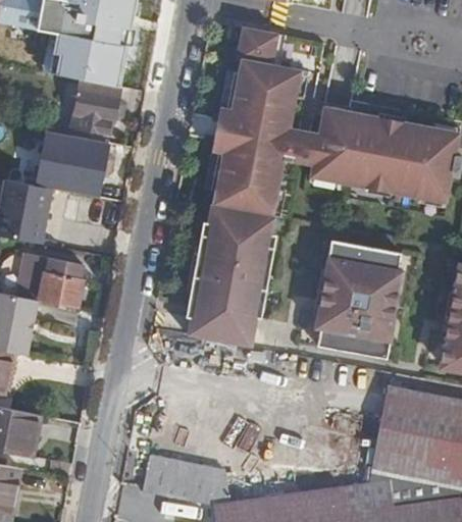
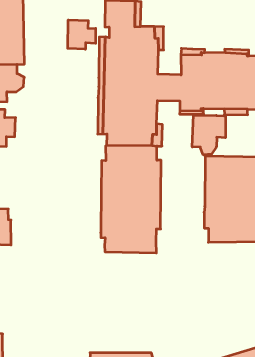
building: none -> [68,20,96,49]
building: none -> [192,115,226,155]

